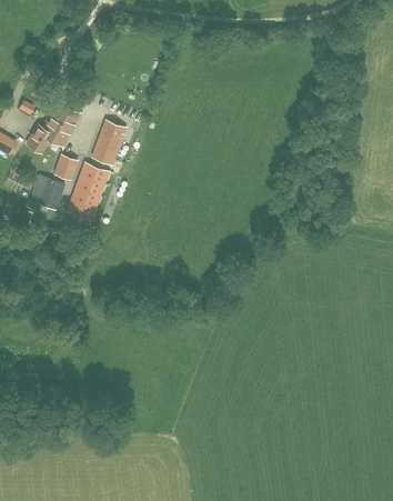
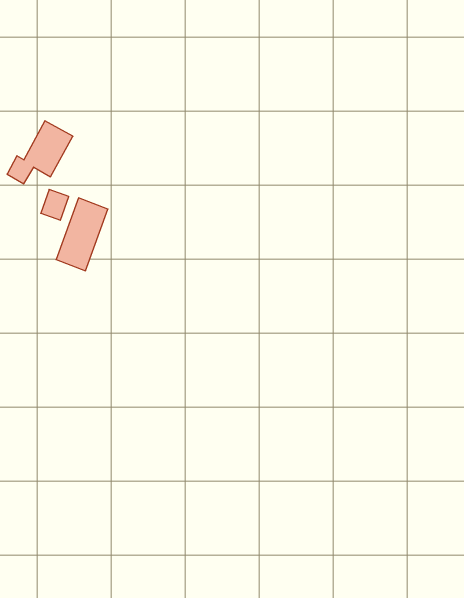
building: [92,120,125,160] -> none
building: [29,176,66,210] -> none

